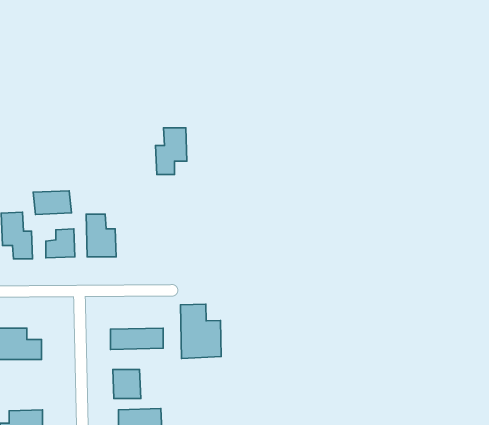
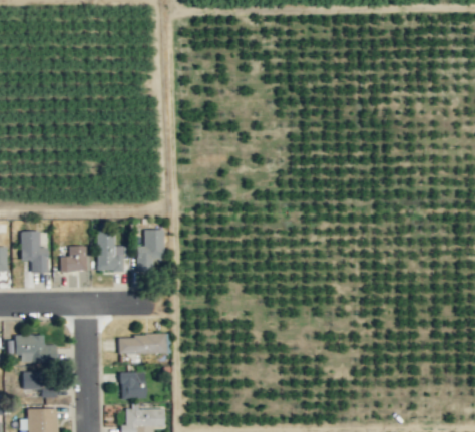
building: [156,128,187,175] -> [137,230,165,272]
building: [33,191,71,214] -> none
building: [181,304,221,359] -> none
building: none -> [24,373,58,398]

